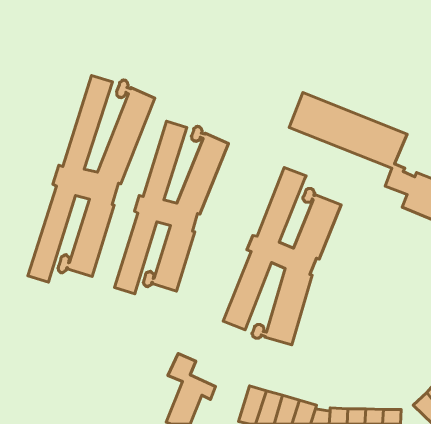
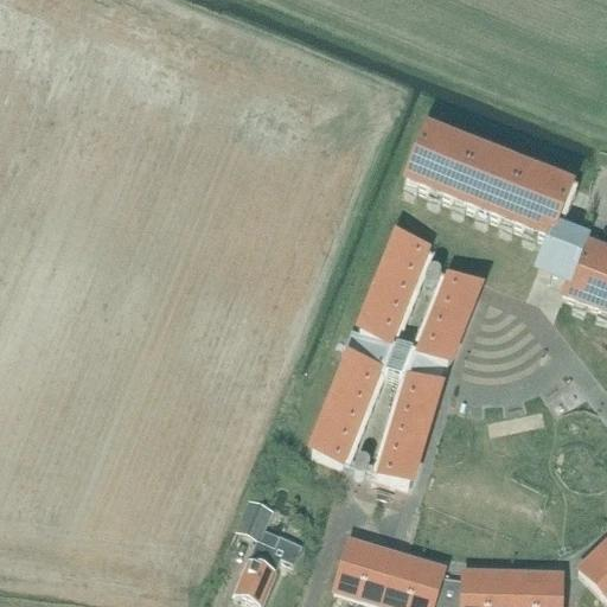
building: [28,75,155,282] -> none
building: [114,121,229,294] -> none

